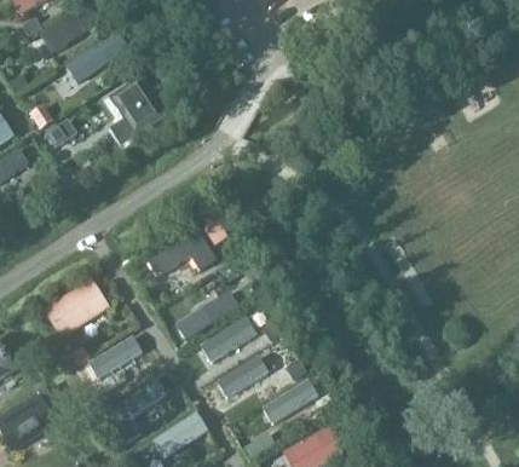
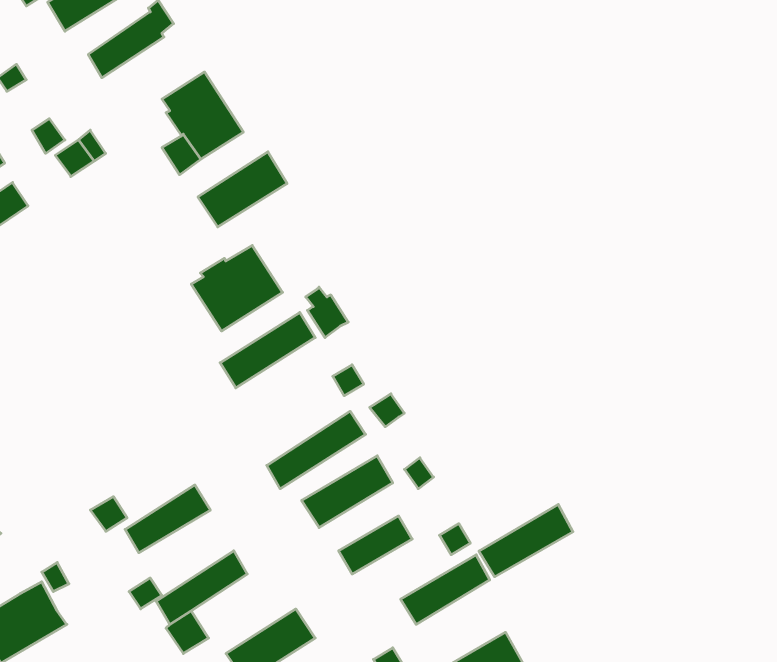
building: none -> [198,152,287,227]
building: none -> [191,245,283,331]
building: [42,279,108,338] -> none
building: none -> [479,504,573,577]

